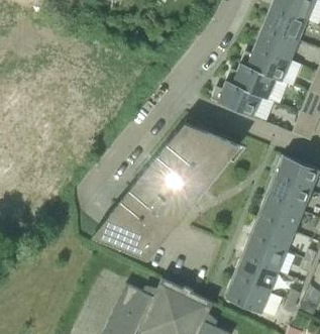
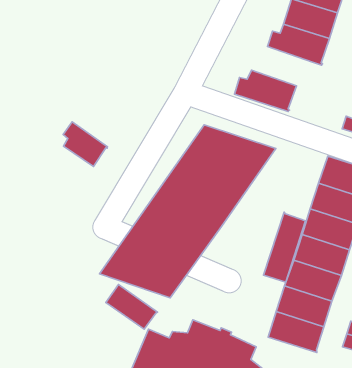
building: [226,64,276,100] -> none
building: none -> [63,122,108,166]
building: none -> [263,212,306,282]
building: none -> [106,285,158,329]

